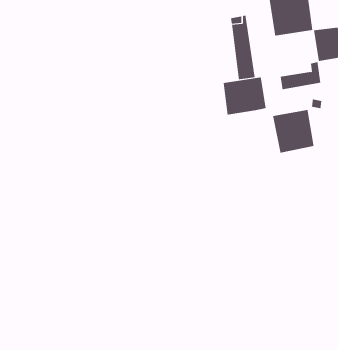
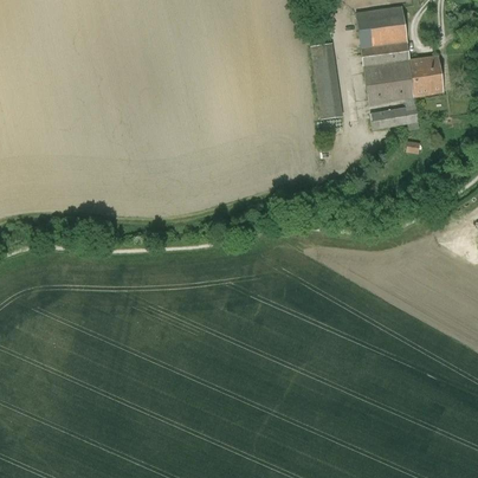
building: [223,77,266,115] -> [364,59,415,104]
building: [272,109,314,153] -> none

